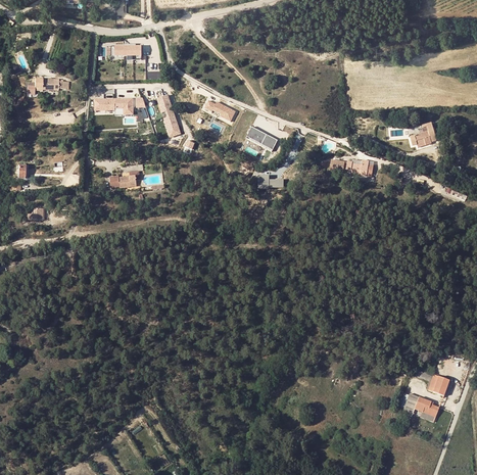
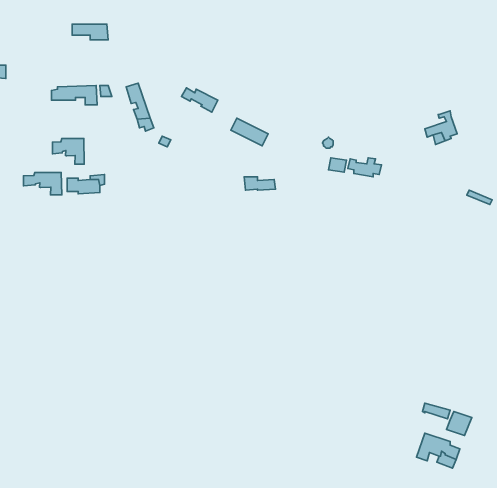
building: none -> [52,138,84,164]
building: none -> [23,172,62,195]

